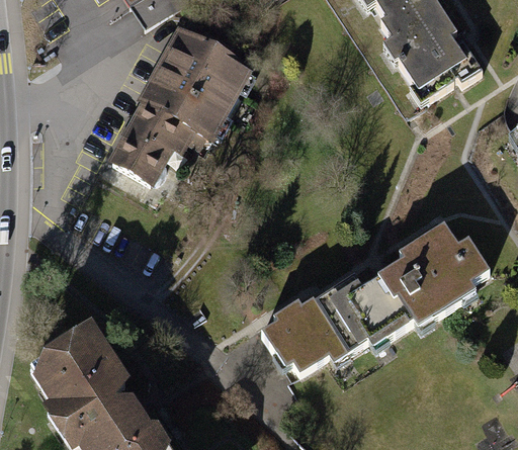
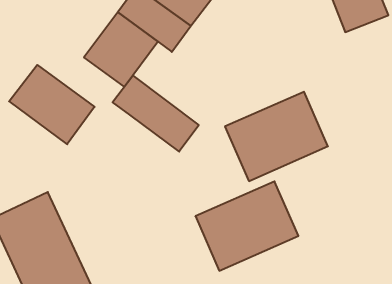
building: none -> [113,76,199,152]
building: none -> [9,65,95,144]
building: [357,219,483,335] -> [225,92,328,181]

